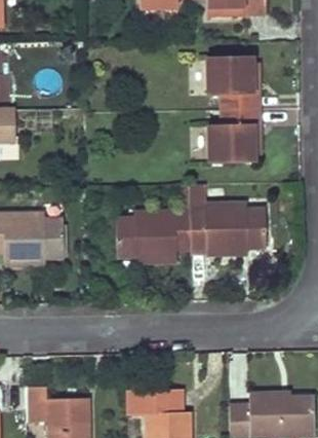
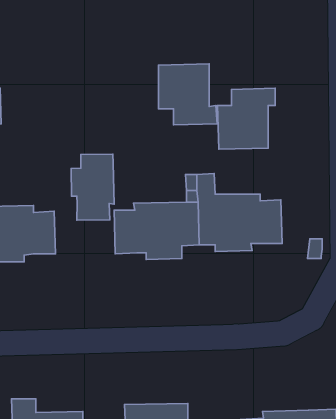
building: [208,56,261,110] -> [158,64,217,125]
building: none -> [71,154,114,220]

